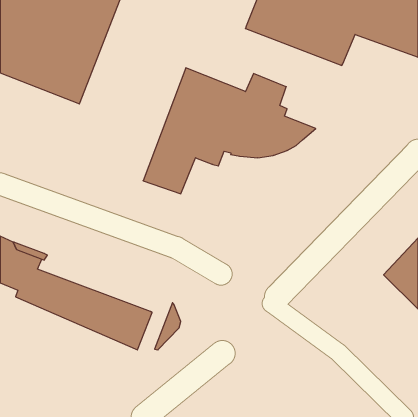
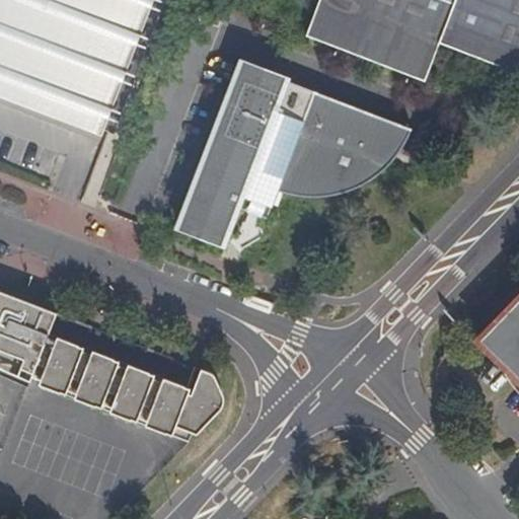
building: none -> [230,63,314,114]
building: none -> [347,107,410,159]
building: none -> [170,367,214,442]

